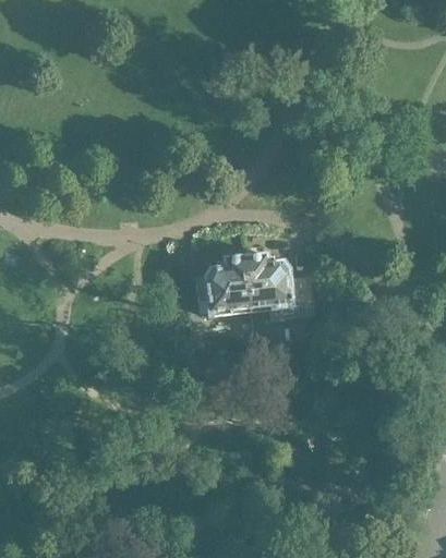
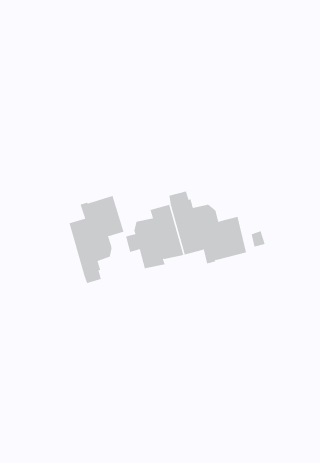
building: none -> [69,195,124,284]

